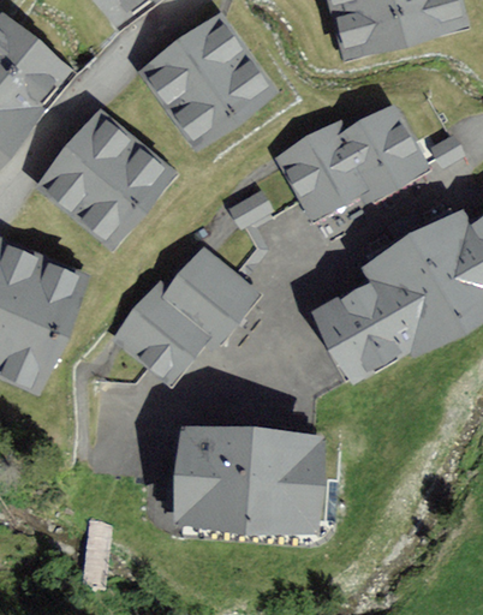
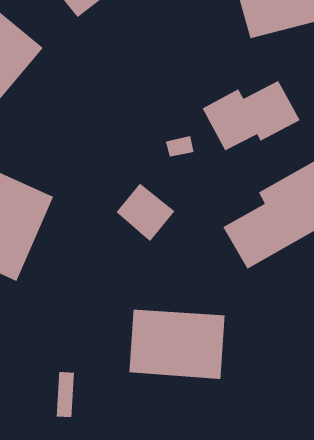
building: [144,12,276,143] -> none
building: [41,115,173,247] -> none
building: [120,287,208,375] -> none

